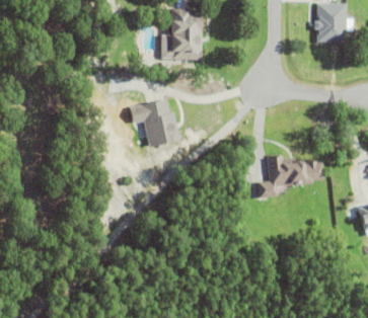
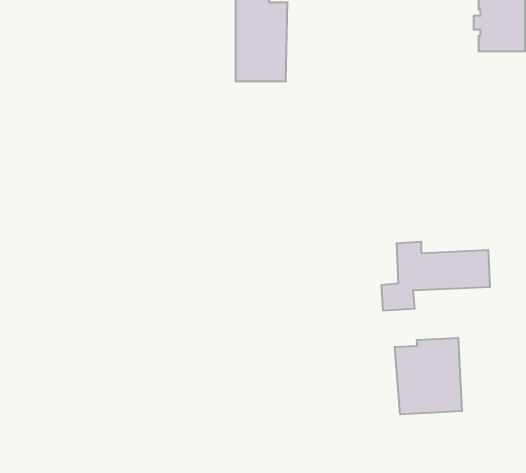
building: [130,98,180,145] -> none
building: none -> [395,338,462,414]

